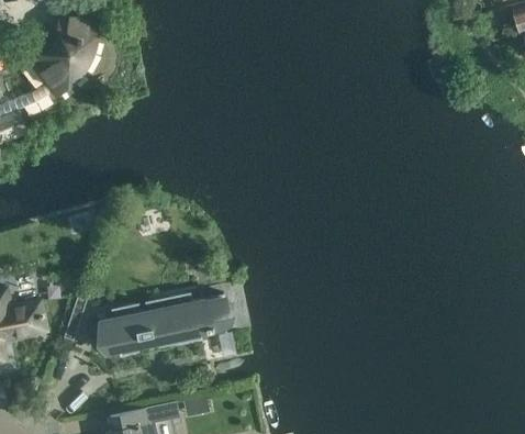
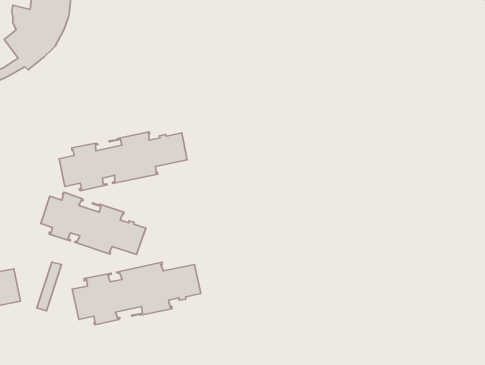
building: none -> [59,132,187,191]
building: none -> [41,192,146,255]

